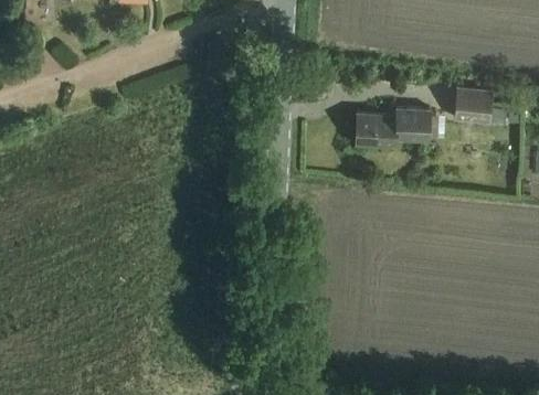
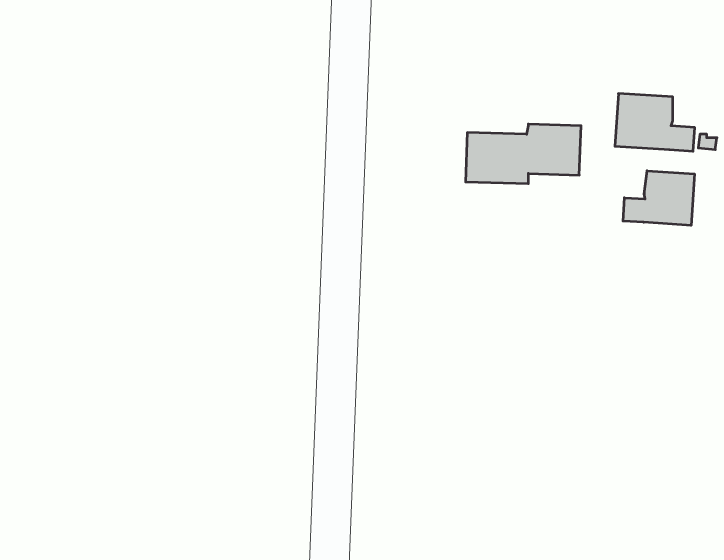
building: none -> [623,171,694,225]

